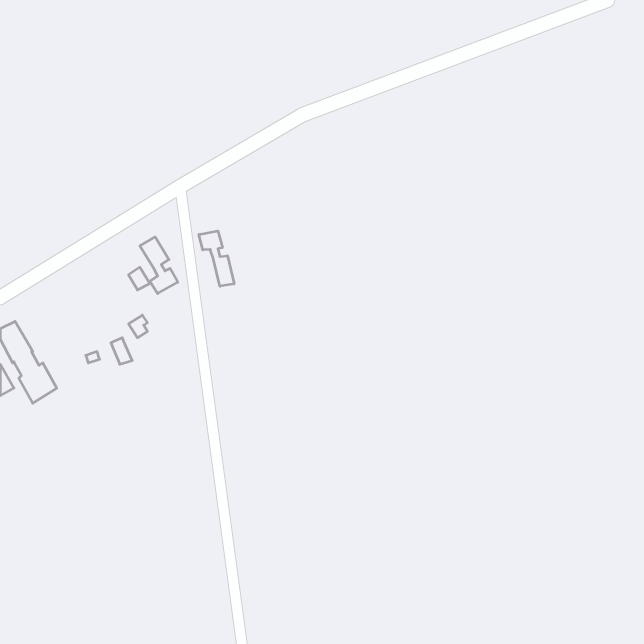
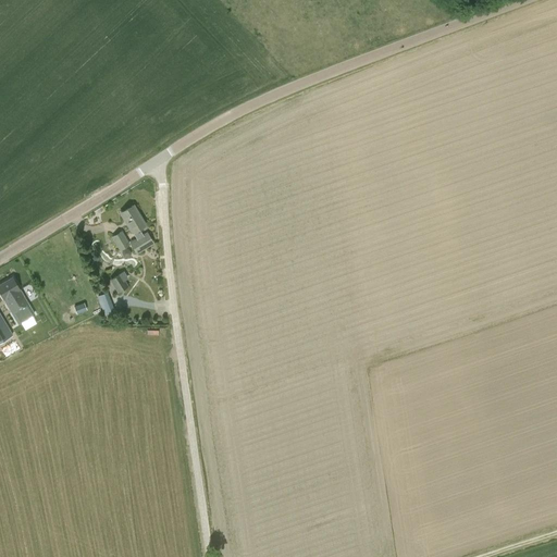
building: [199,231,234,286] -> none

